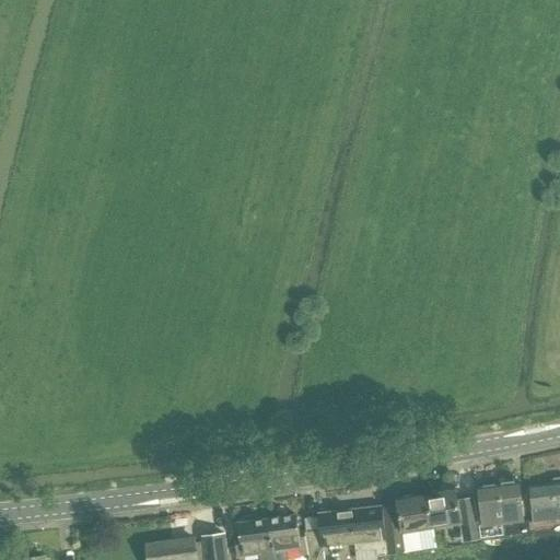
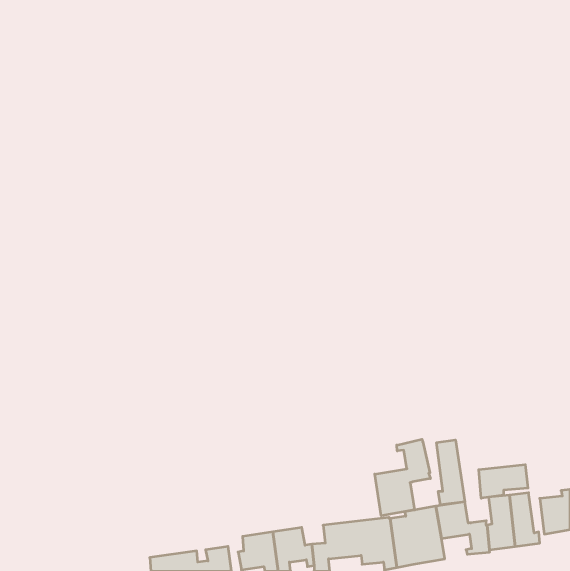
building: none -> [375,439,430,516]
building: none -> [437,440,465,505]
building: none -> [479,465,528,498]

